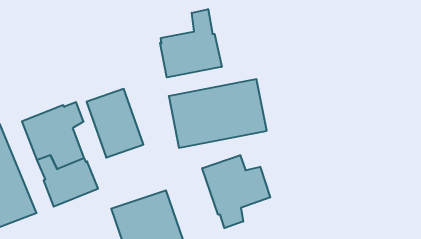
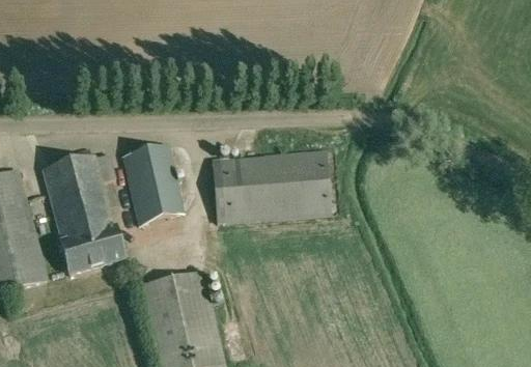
building: [160,9,222,77] -> none
building: [202,155,270,228] -> none

